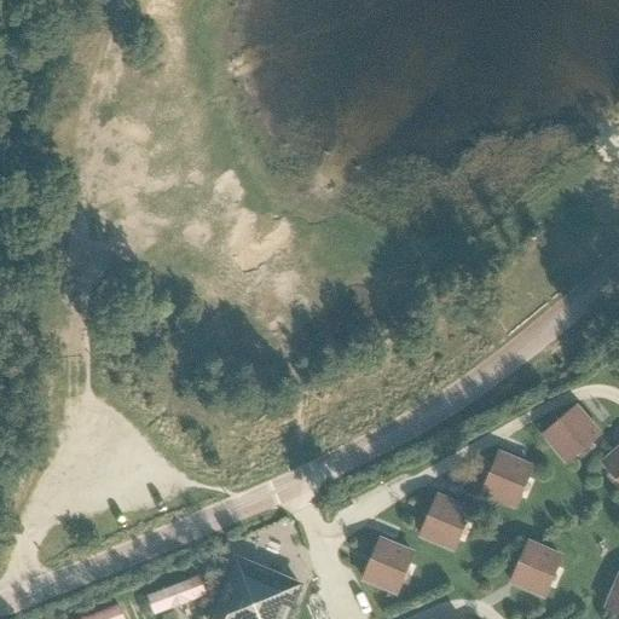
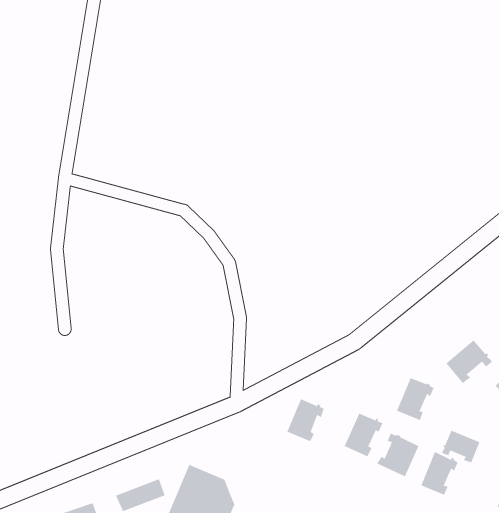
building: none -> [441,430,480,463]
building: none -> [377,433,419,477]
building: [365,539,411,591] -> [286,399,325,442]

